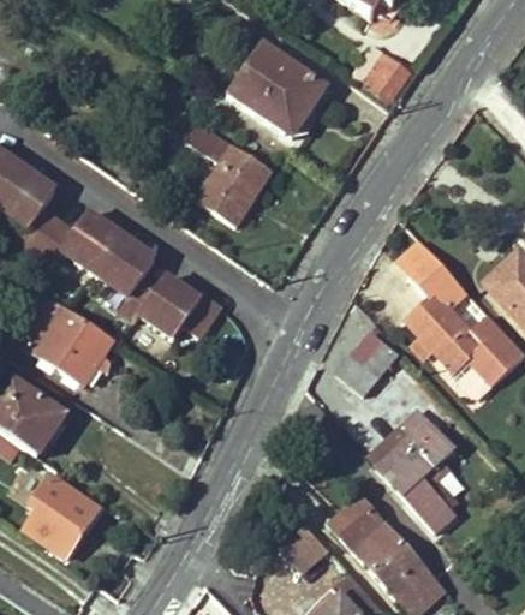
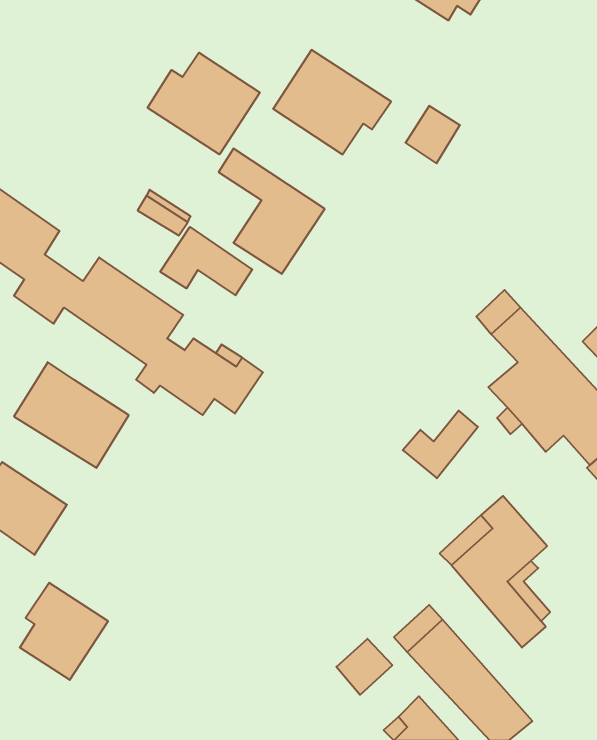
building: none -> [148,53,260,154]
building: [365,53,410,100] -> [405,106,460,163]
building: none -> [160,227,252,295]

